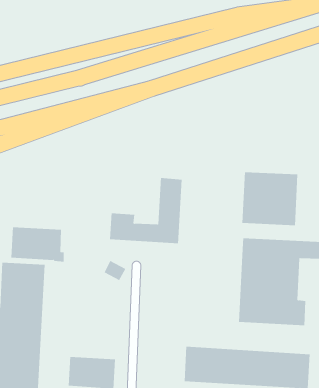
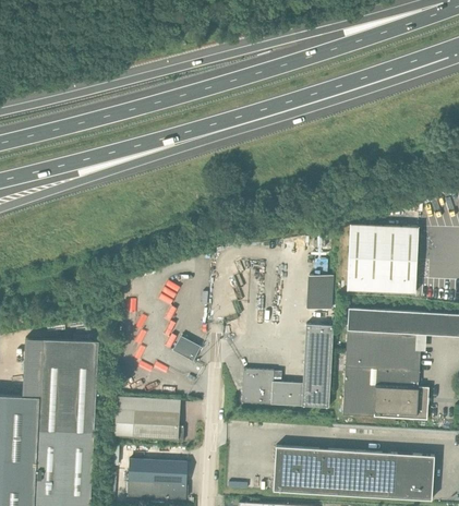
building: [109,178,182,244] -> [241,324,334,408]
building: none -> [307,276,334,311]
building: [10,227,65,262] -> [114,397,183,442]

